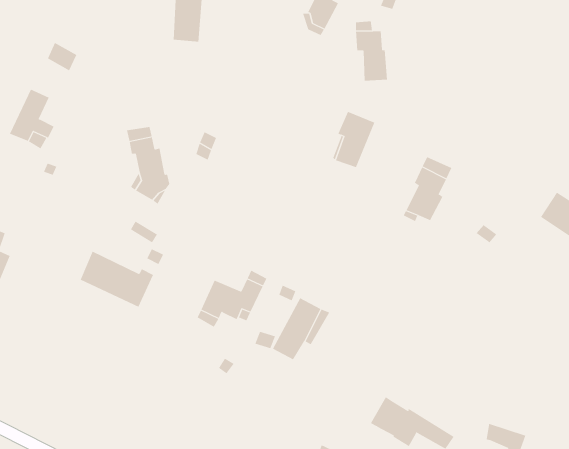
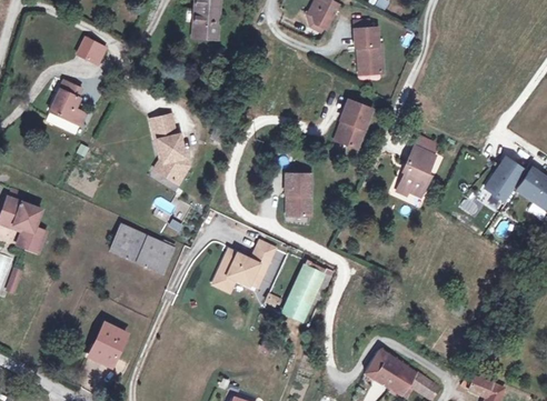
building: none -> [484,161,525,205]
building: none -> [285,173,310,215]
building: none -> [88,319,126,362]

